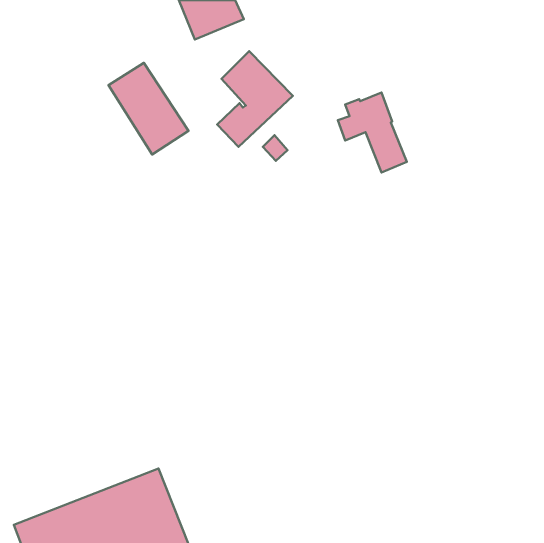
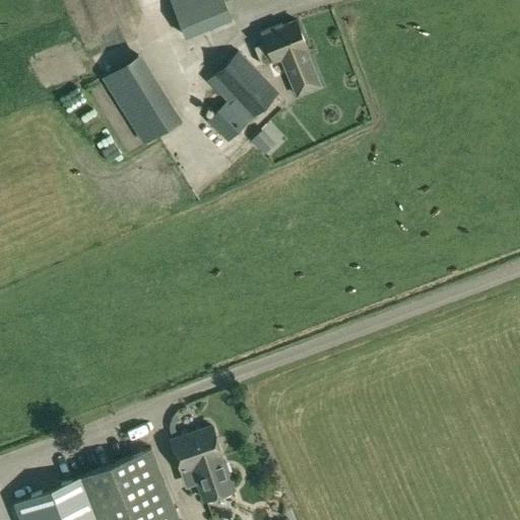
building: [338,93,407,172] -> [256,21,322,98]
building: none -> [172,426,234,500]

